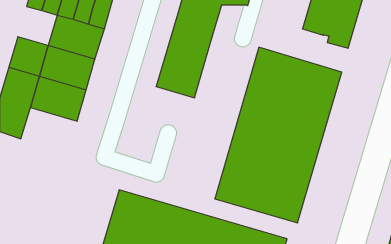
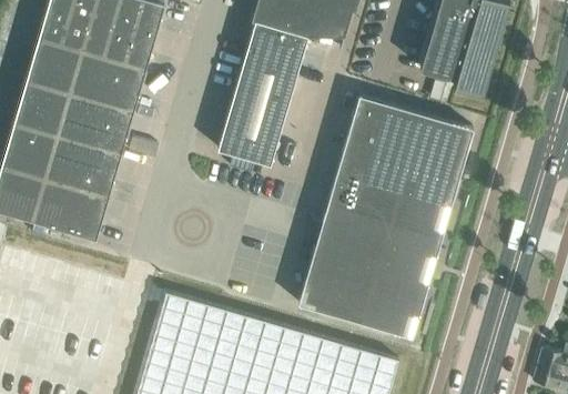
building: none -> [26,39,80,93]
building: none -> [30,179,108,241]

